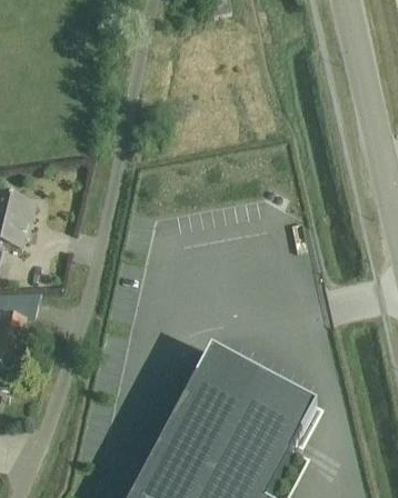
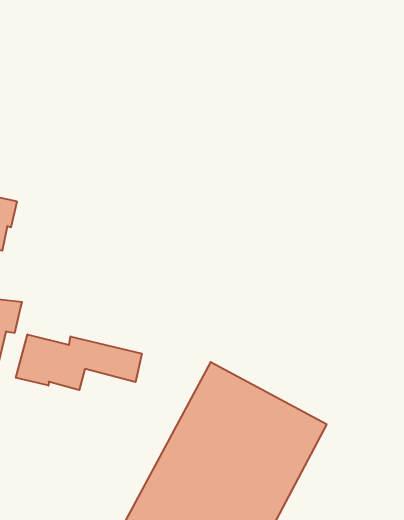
building: none -> [16,334,142,390]

